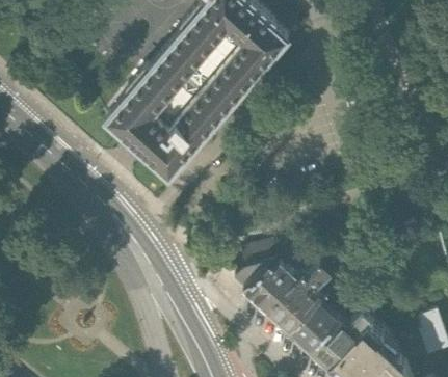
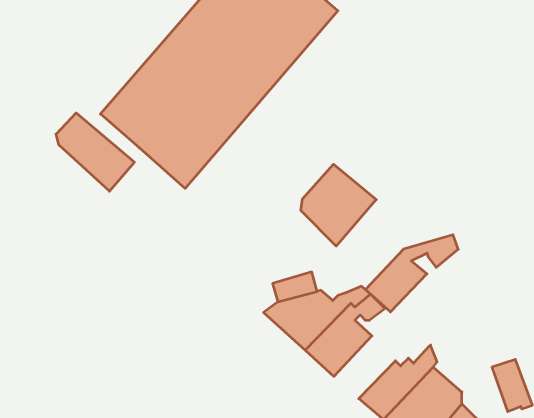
building: none -> [56,113,134,191]
building: none -> [301,164,376,246]
building: [287,289,361,350] -> [366,235,458,312]

